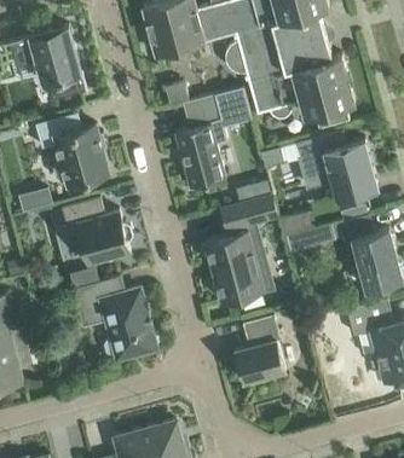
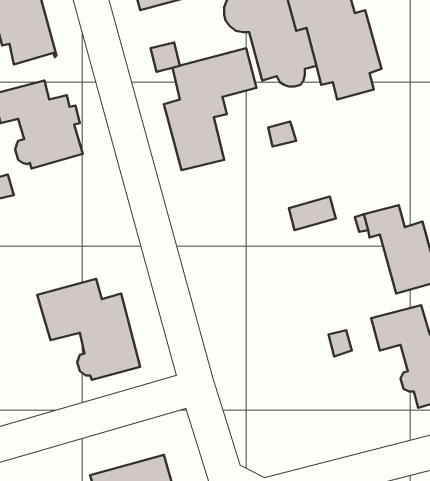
building: [296,131,377,201] -> none
building: [220,195,278,231] -> none
building: [62,197,132,265] -> none
building: [204,232,264,303] -> none
building: [235,317,285,384] -> none

